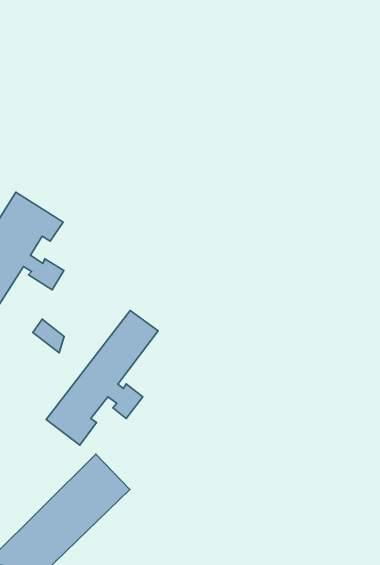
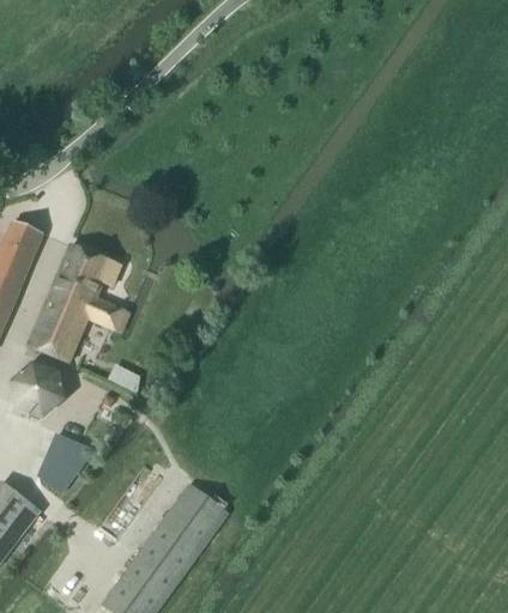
building: [46,311,158,445] -> none

